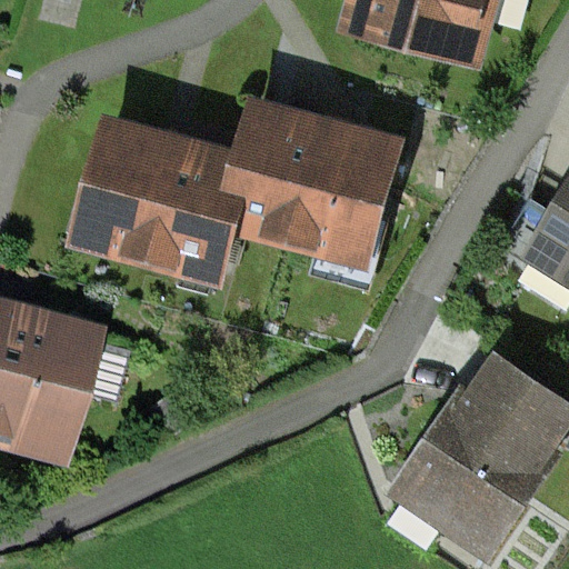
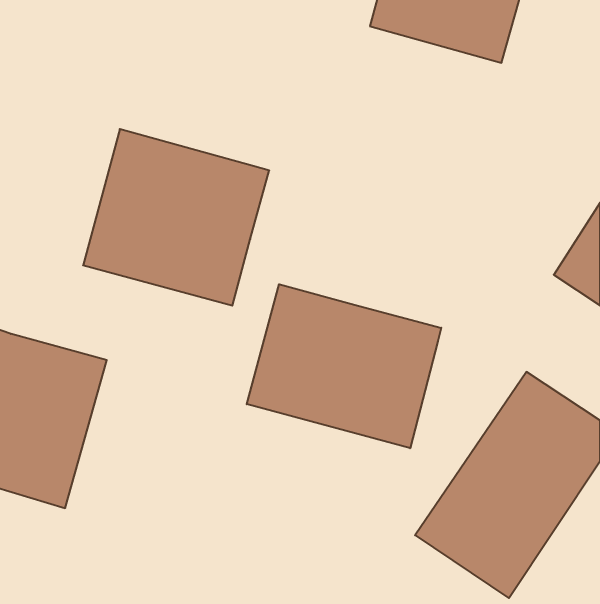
building: [234,96,412,259] -> none
building: none -> [247,284,441,448]

